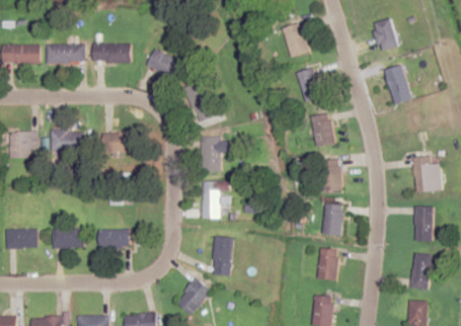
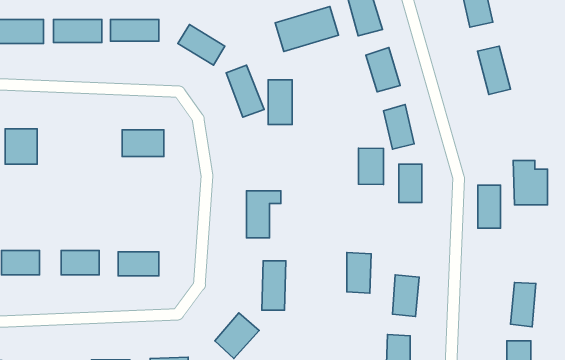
building: none -> [275,6,339,52]
building: [50,130,83,151] -> none
building: [200,136,219,171] -> [268,80,292,124]
building: none -> [359,148,384,184]
building: [323,202,342,235] -> [347,253,371,293]
building: [414,206,433,240] -> [478,185,501,228]

